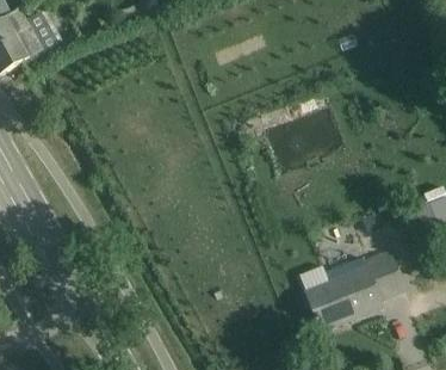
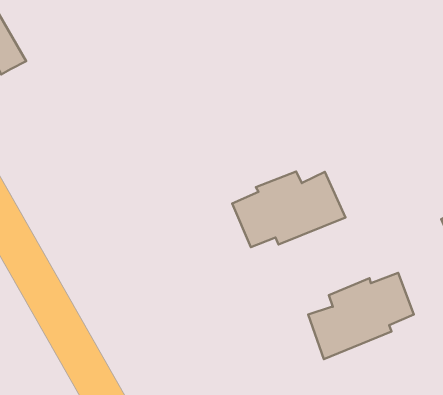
building: none -> [232,171,345,247]

